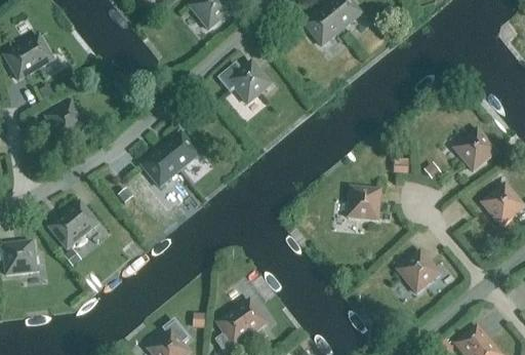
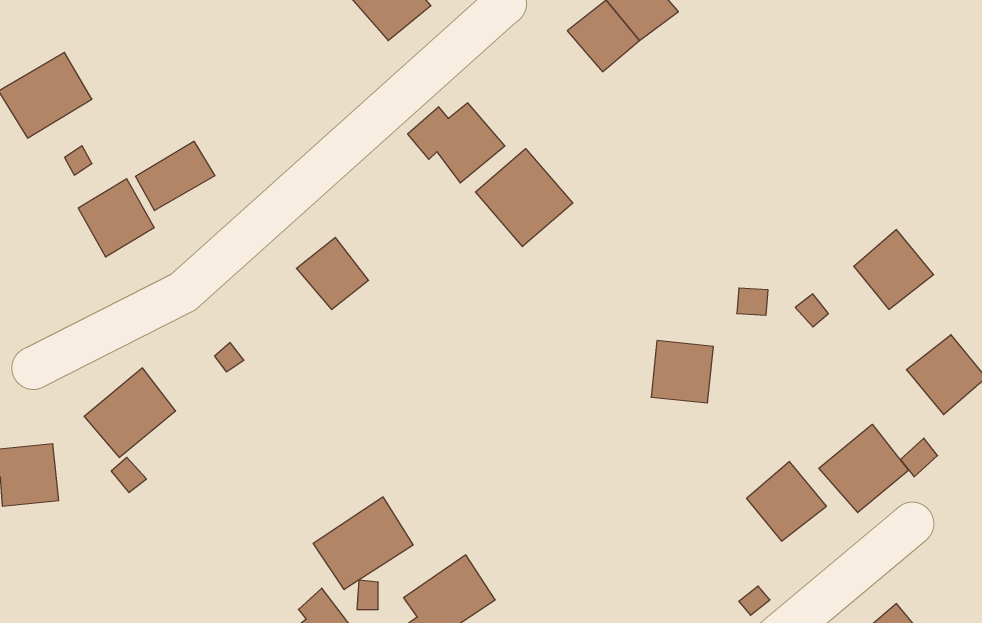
building: none -> [135,141,215,211]
building: none -> [475,149,573,247]
building: [140,149,178,187] -> none
building: none -> [819,424,908,513]
building: none -> [313,497,413,590]

